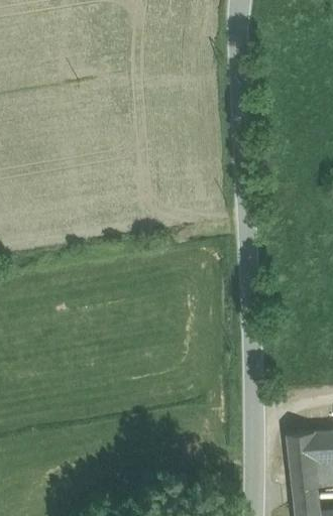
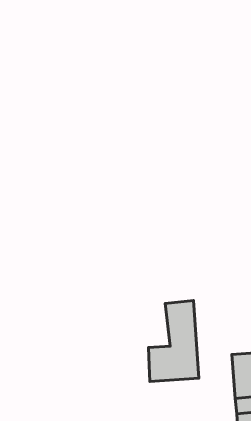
building: none -> [148,301,199,381]

